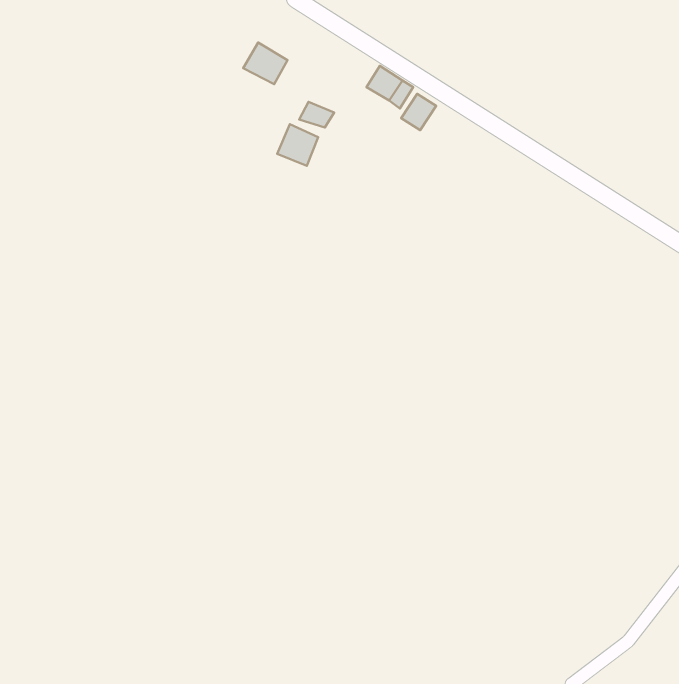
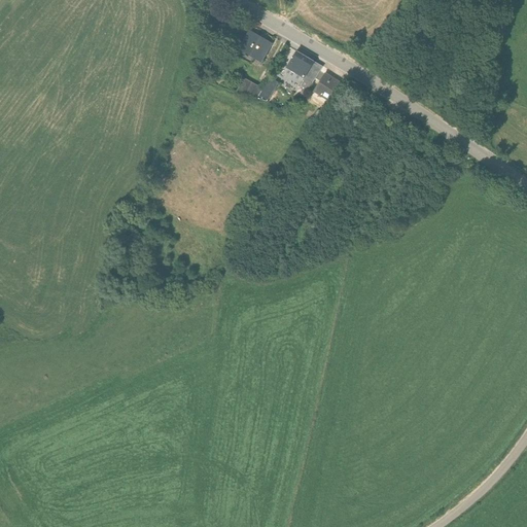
building: [243,43,288,84] -> [238,30,272,62]
building: [277,124,318,166] -> none

